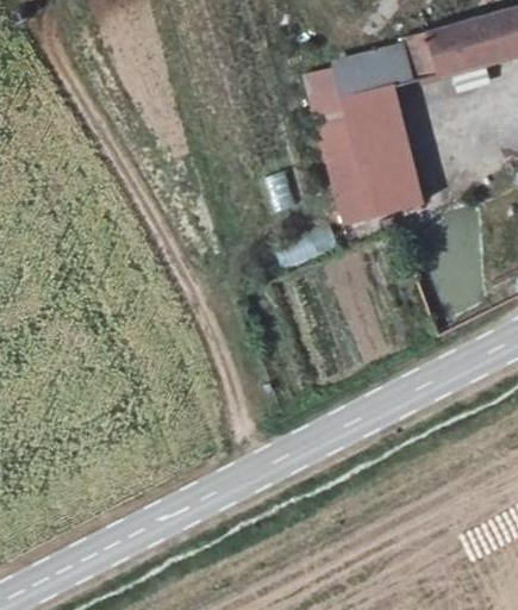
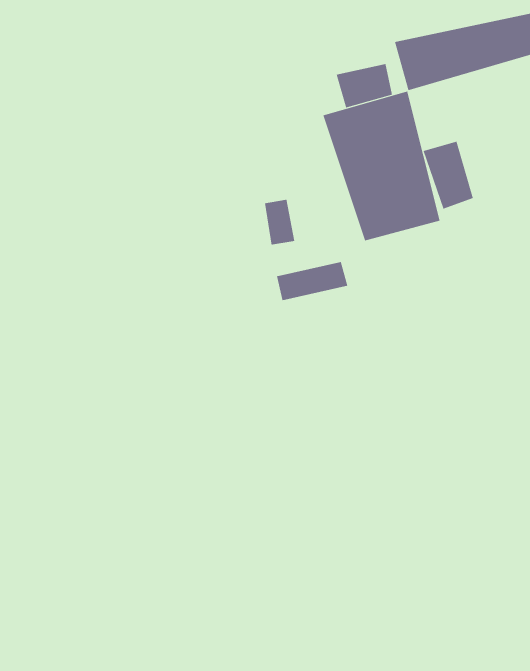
building: none -> [423,141,473,210]

